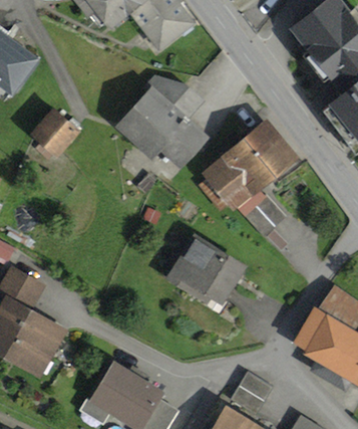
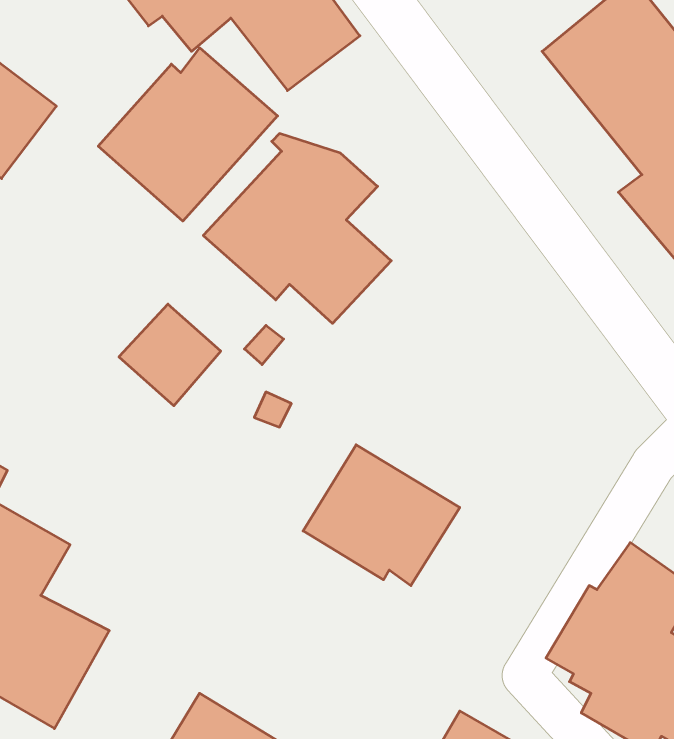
building: none -> [98,48,278,221]
building: [28,106,80,159] -> [119,304,221,406]
building: [199,119,301,235] -> none

